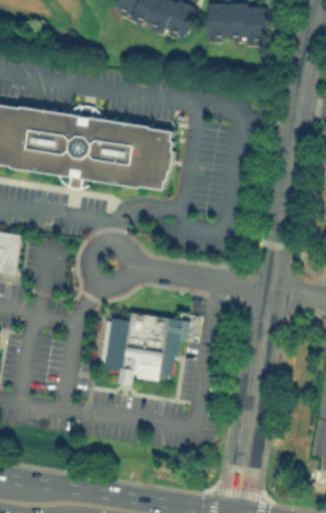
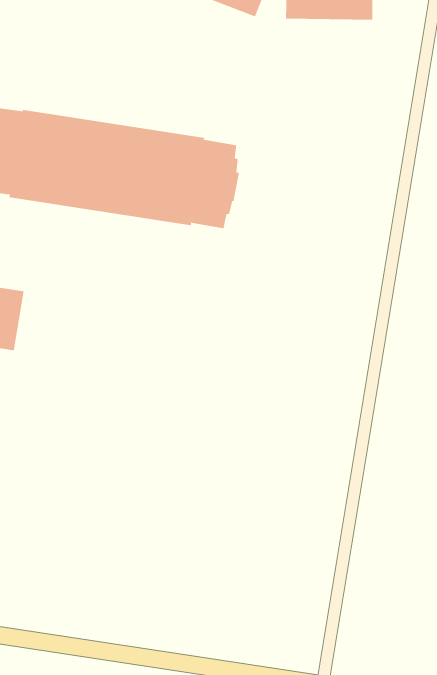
building: [97,312,188,385] -> none

